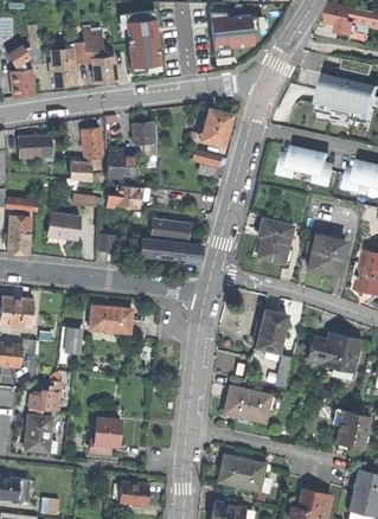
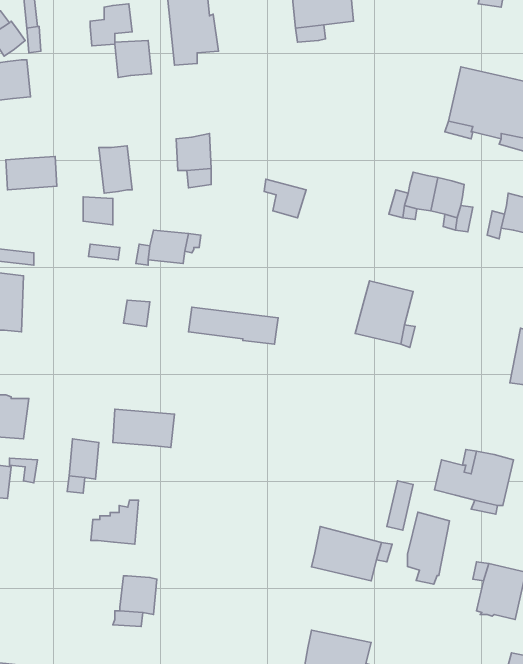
building: [52,47,77,86] -> none
building: [200,108,231,146] -> none
building: [107,154,134,177] -> none
building: [47,212,79,238] -> none
building: [150,217,188,242] -> none
building: [307,235,346,273] -> none
building: [257,309,286,358] -> [407,512,449,584]
building: [28,380,60,410] -> [91,500,138,544]
building: [24,415,56,451] -> none

